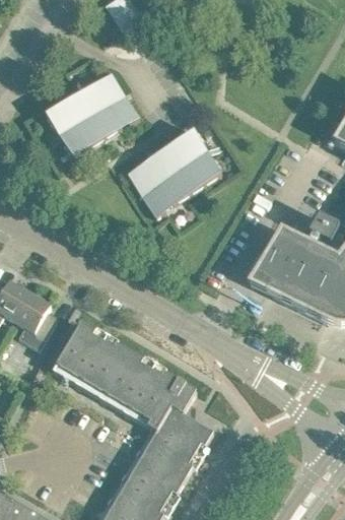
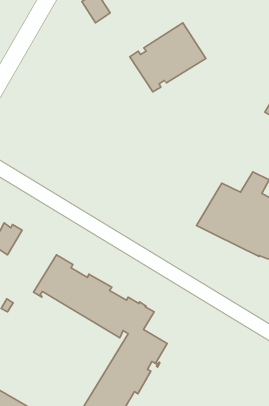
building: [44,71,138,157] -> none
building: [126,129,220,215] -> [130,23,206,92]
building: [12,288,54,347] -> none

